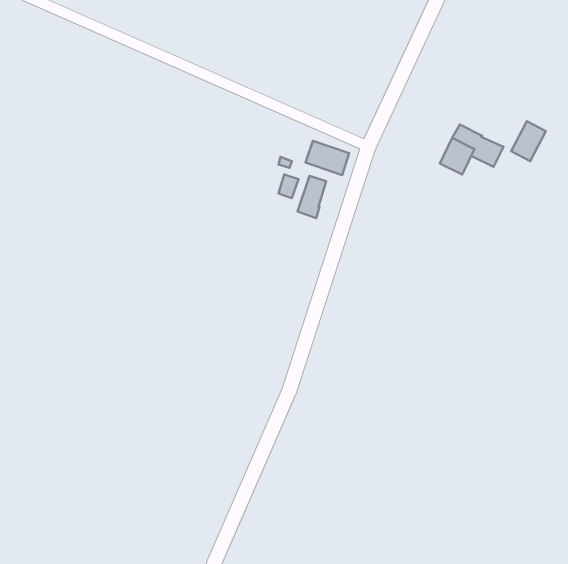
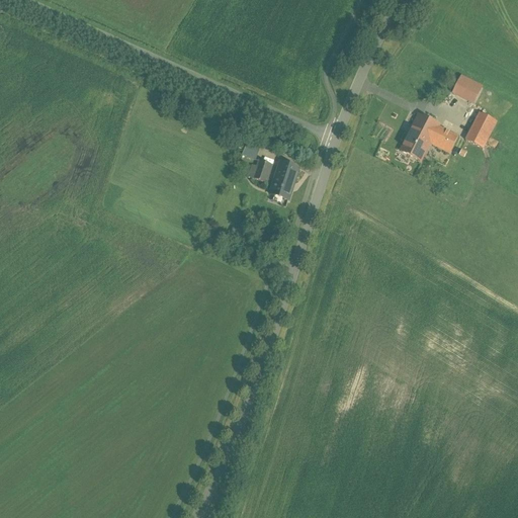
building: none -> [453,73,485,96]
building: [306,141,349,175] -> none

